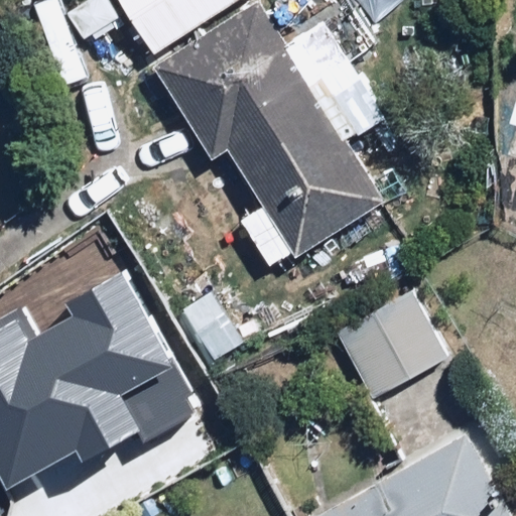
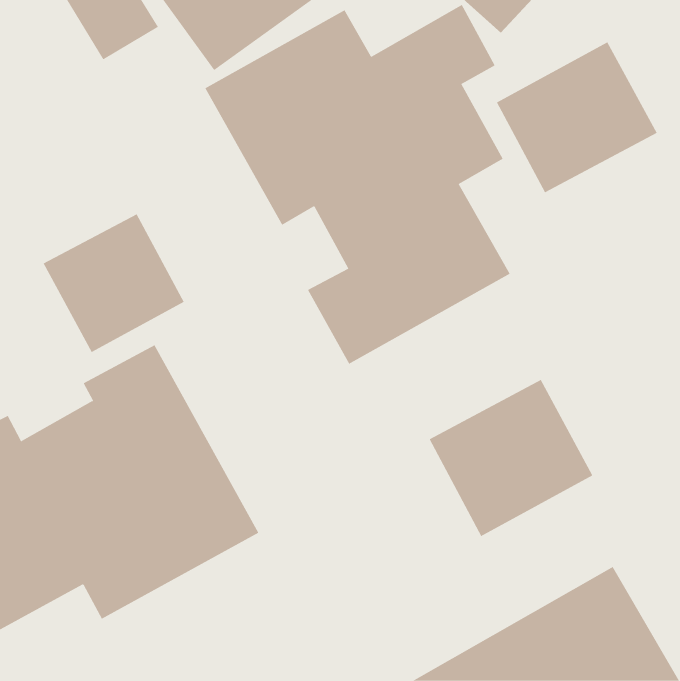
building: none -> [496,42,657,193]
building: none -> [43,213,185,353]

